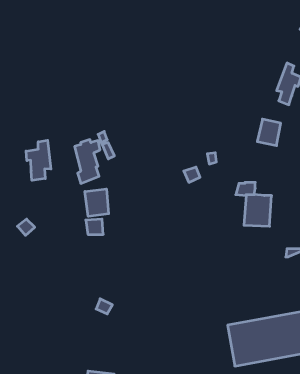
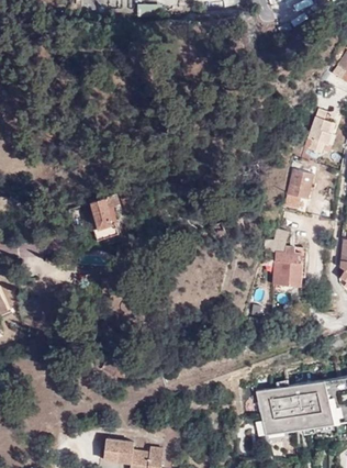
building: [26,140,51,180] -> none
building: [85,189,109,216] -> none

